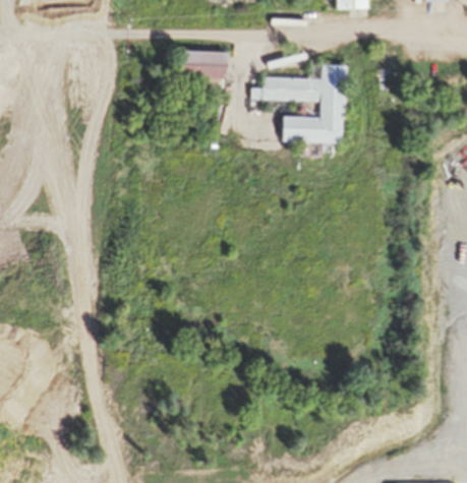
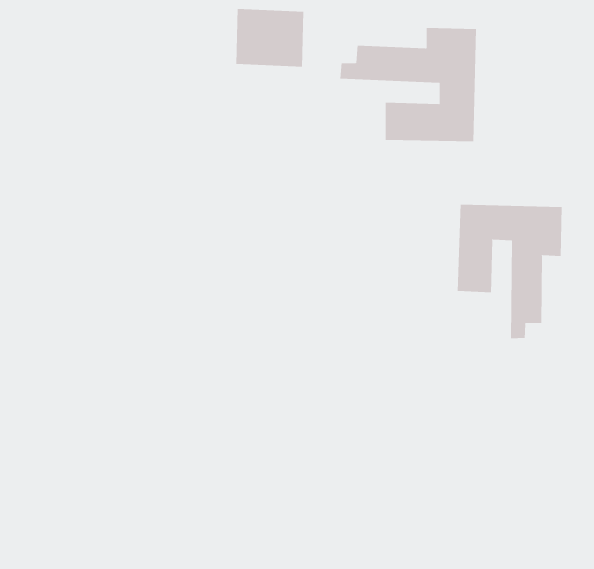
building: none -> [457,204,562,339]

